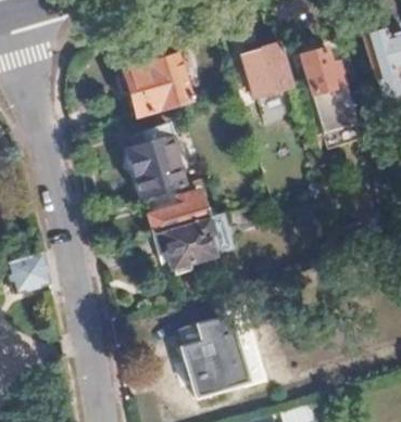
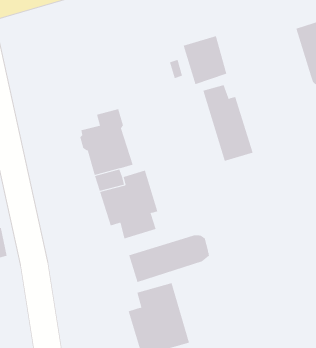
building: [122,47,189,113] -> none
building: [301,48,358,132] -> [202,84,254,162]
building: none -> [129,234,210,283]

